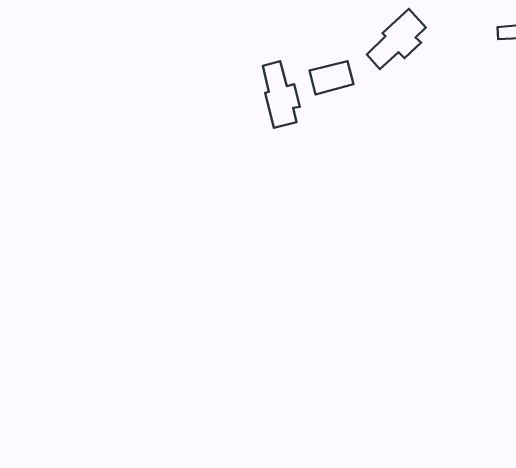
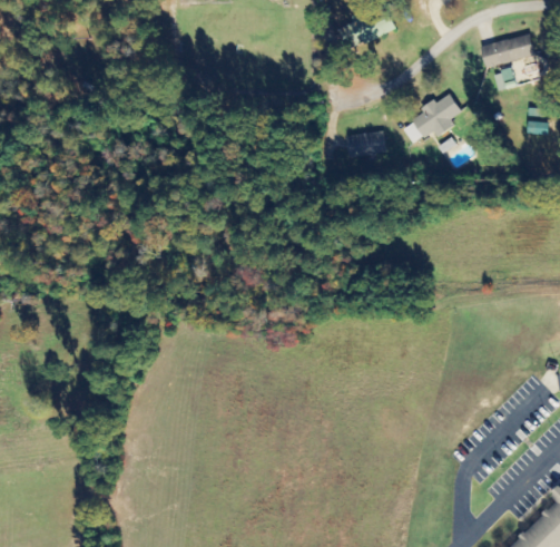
building: [263,61,300,128] -> none

